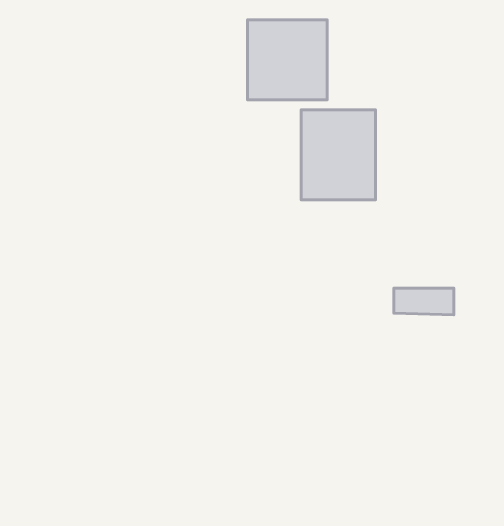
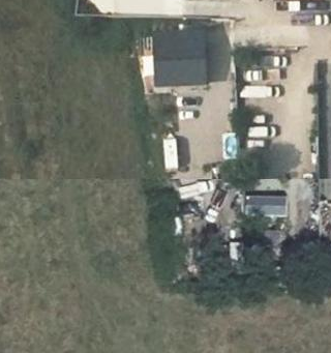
building: [301,110,376,200] -> none

